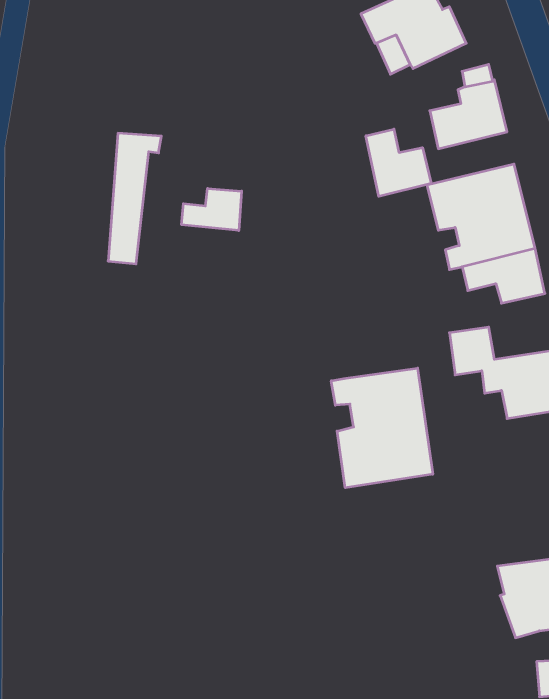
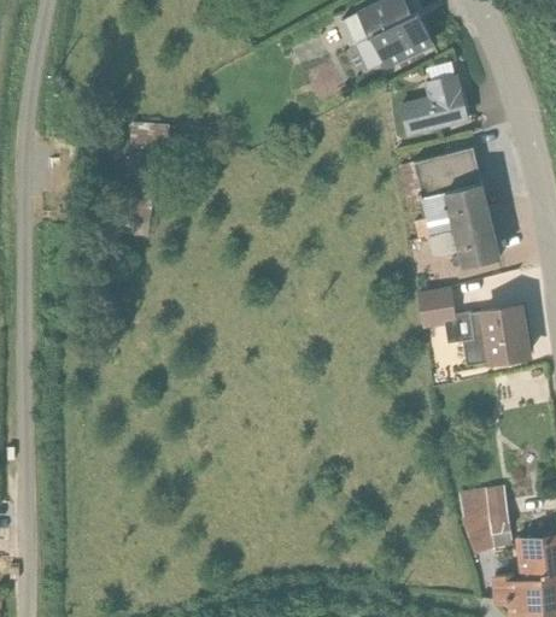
building: [366,129,431,196] -> none
building: [182,188,242,231] -> none
building: [331,368,433,488] -> none

